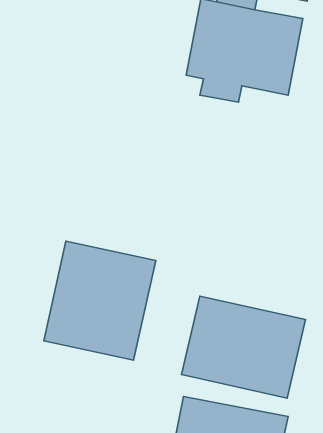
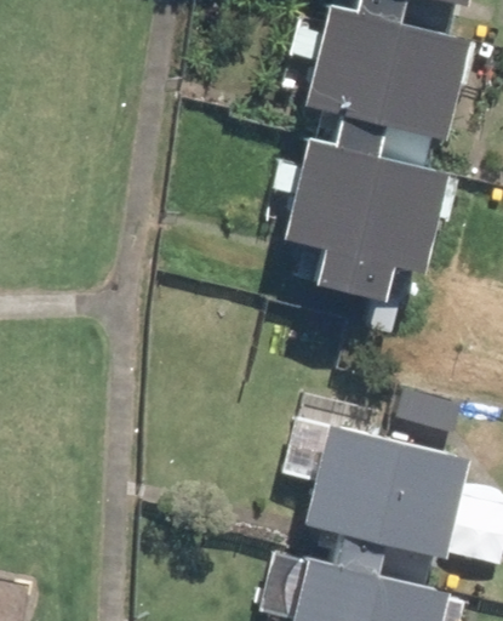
building: none -> [273,138,438,301]
building: [44,241,156,360] -> none

